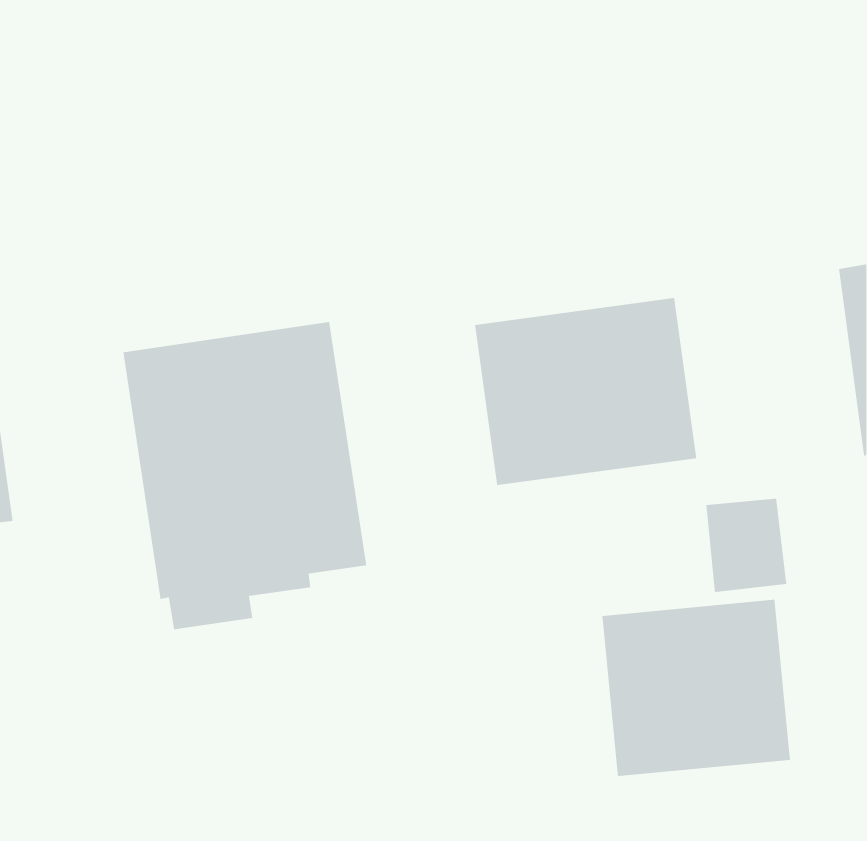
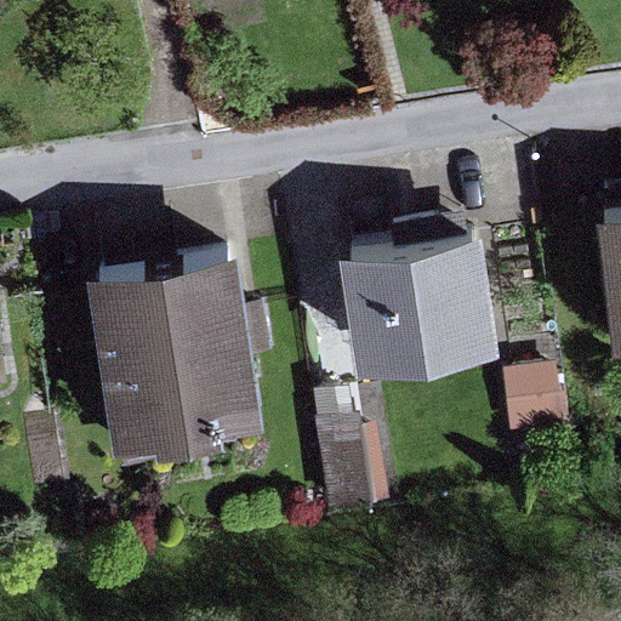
building: none -> [313,422,388,515]
building: [602,599,791,777] -> none

